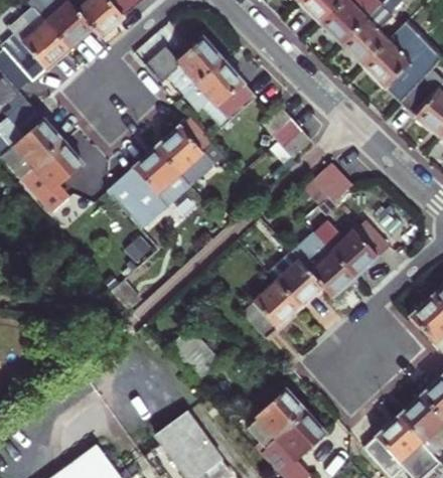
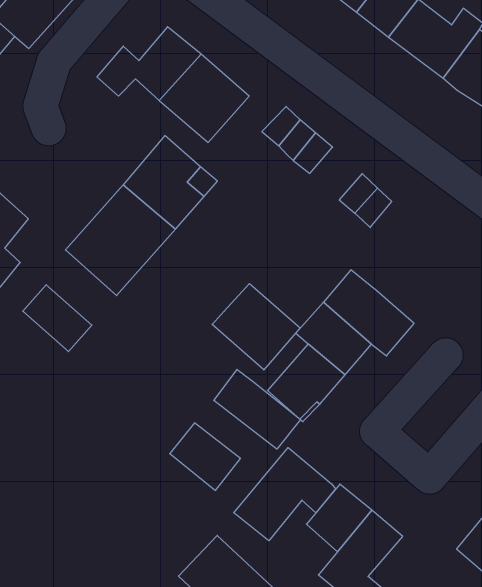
building: none -> [23,285,92,352]
building: [330,218,389,277] -> none
building: none -> [212,284,300,370]
building: none -> [214,369,300,449]
building: none -> [234,448,335,541]

